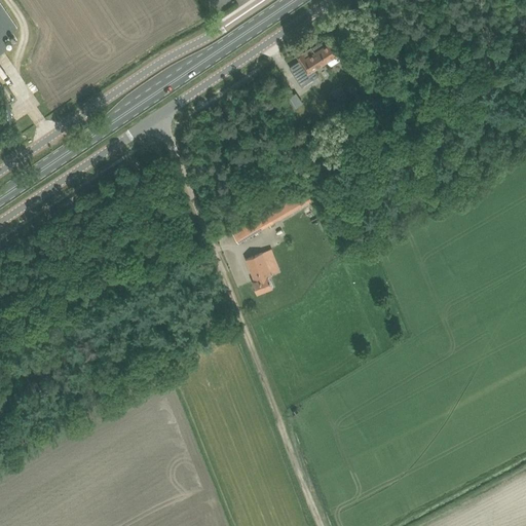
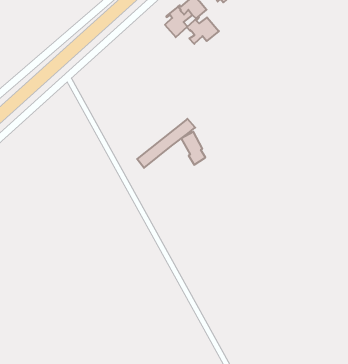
building: none -> [187,17,219,44]
building: [245,253,271,294] -> [181,132,205,165]

